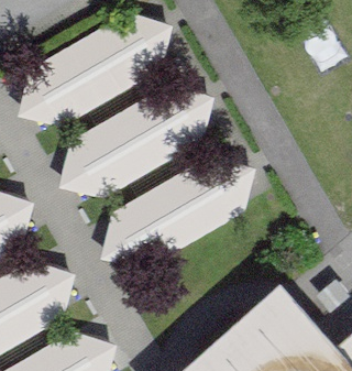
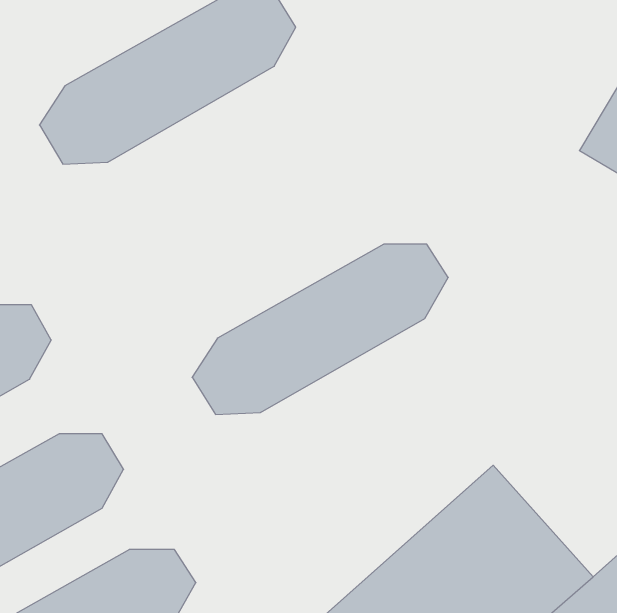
building: [67,92,211,189] -> none

